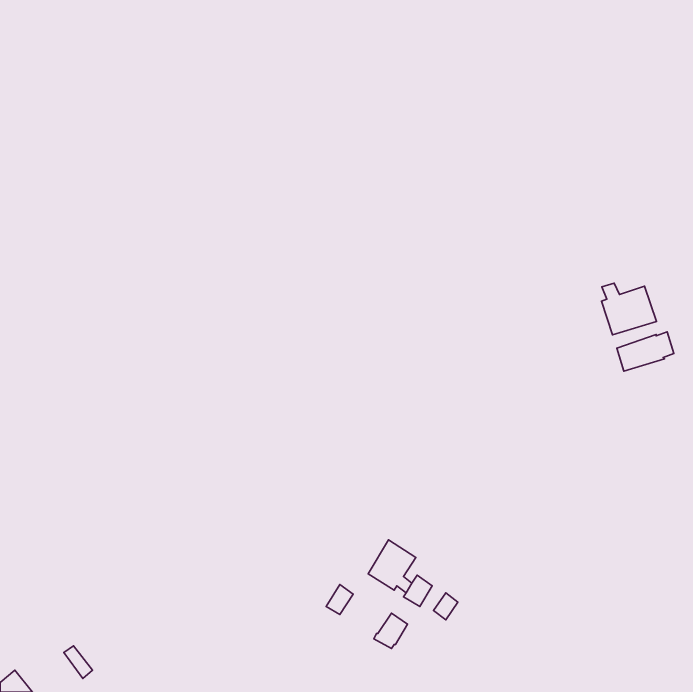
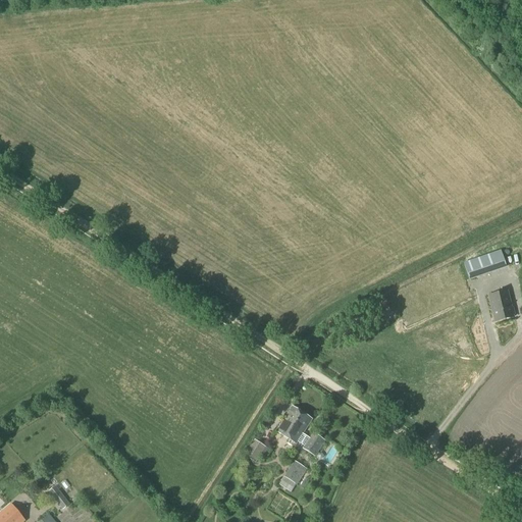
building: [601,283,657,335] -> none
building: none -> [489,290,515,320]

